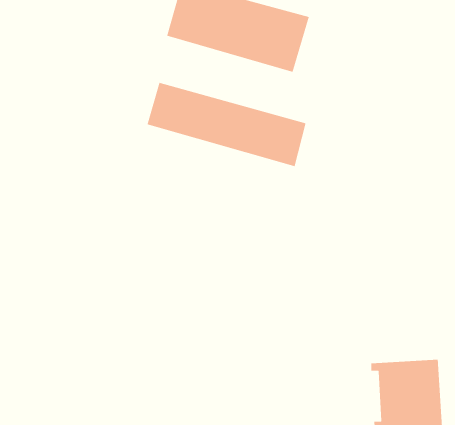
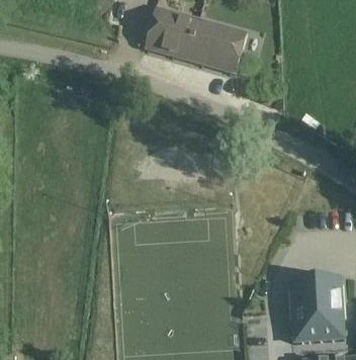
building: [147,82,307,167] -> none

